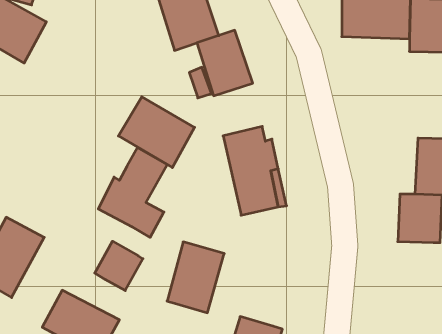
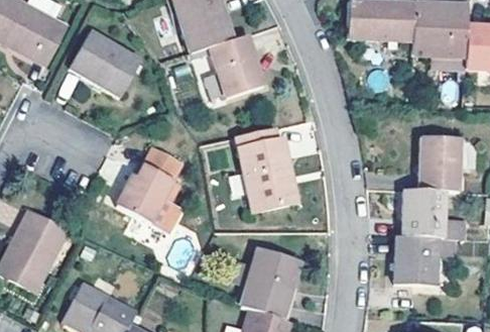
building: [118,97,195,168] -> [68,30,140,98]
building: none -> [394,235,437,283]
building: [95,241,143,291] -> none
building: [167,242,224,313] -> [245,249,299,317]

